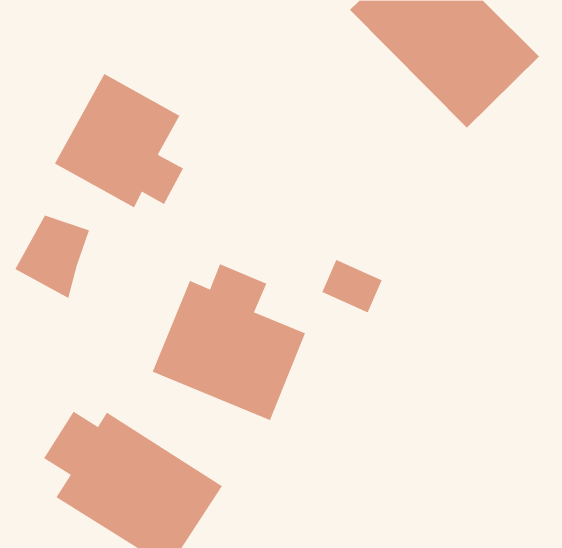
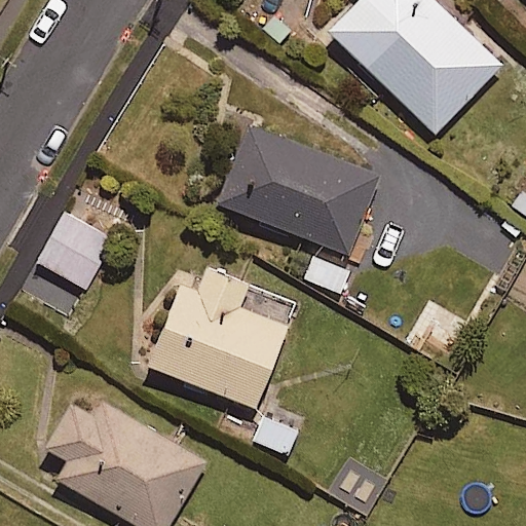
building: [54,73,184,208] -> none
building: none -> [216,117,384,258]

